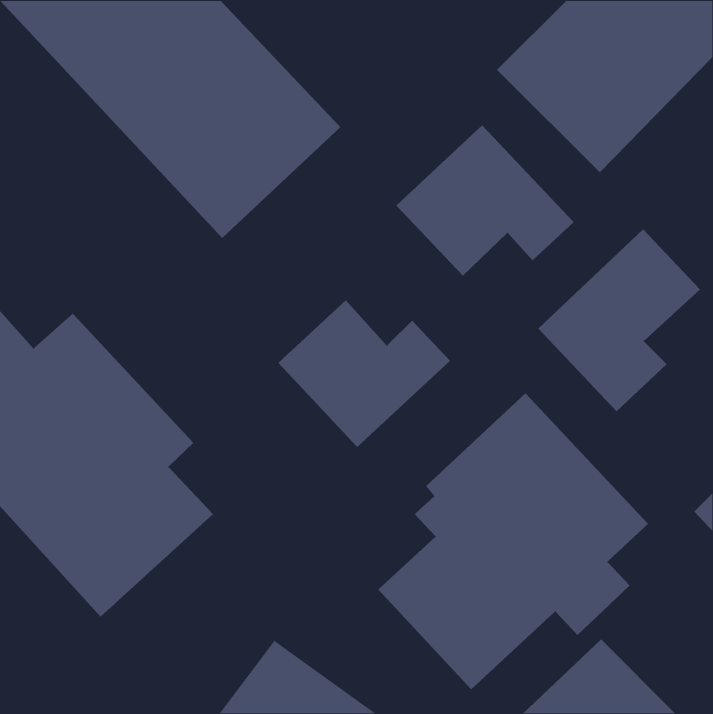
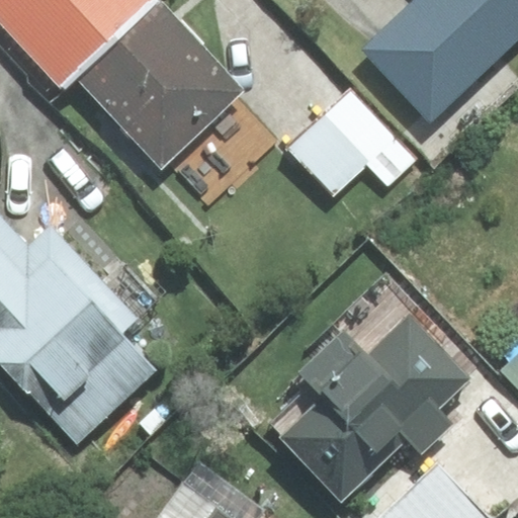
building: [538,228,701,412] -> none
building: [278,300,451,448] -> none

